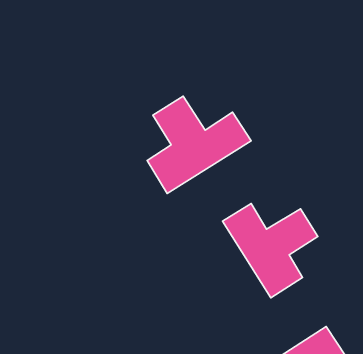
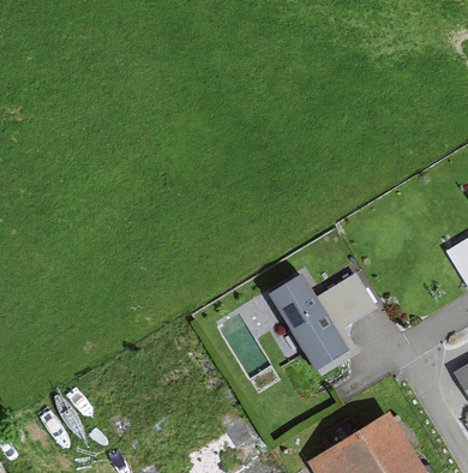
building: [147,96,251,193] -> none

